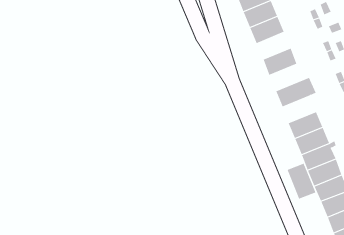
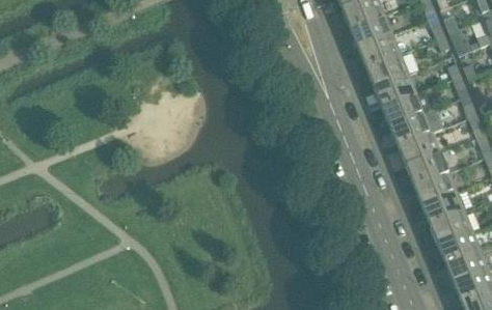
building: none -> [366,54,410,88]
building: none -> [382,90,433,128]
building: none -> [399,133,441,167]
building: [287,163,316,200] -> none

